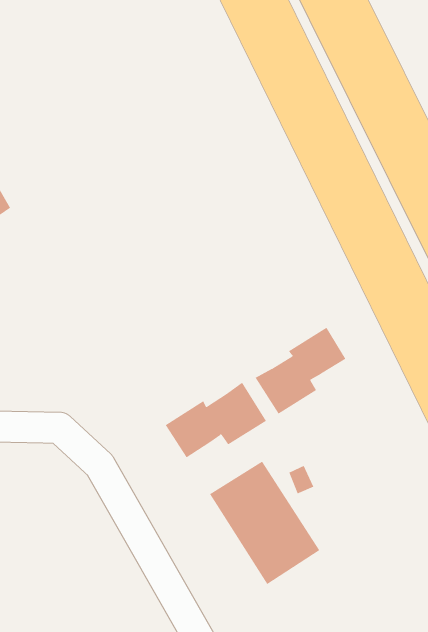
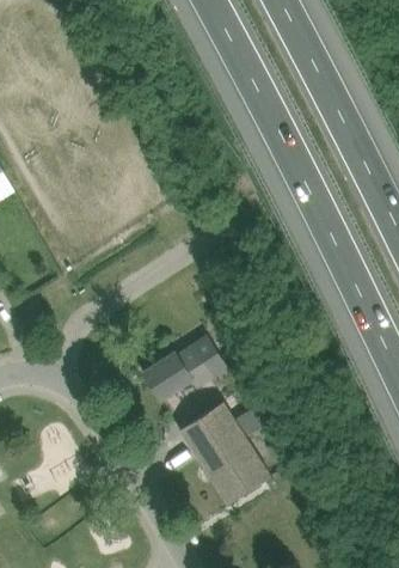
building: [255,327,346,415] -> none

